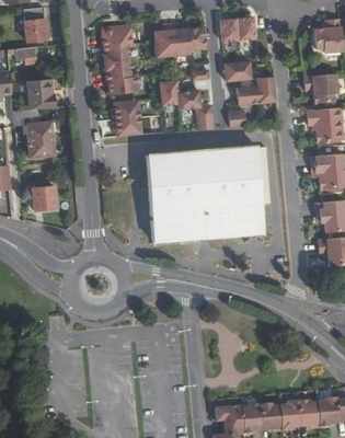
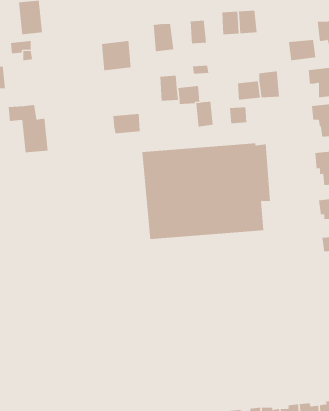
building: [101,28,133,50] -> none
building: [171,28,192,56] -> none
building: [223,61,251,82] -> [288,40,316,61]
building: [105,73,140,95] -> none
building: [25,80,53,111] -> none
building: [113,101,140,120] -> none
building: [31,186,55,210] -> none

